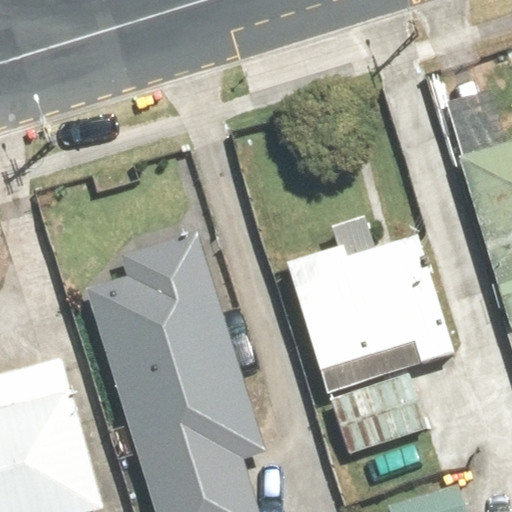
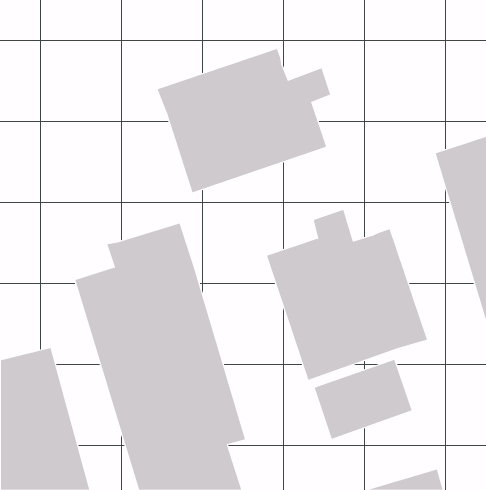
building: none -> [157,48,331,193]

